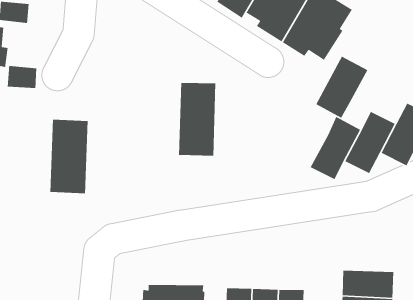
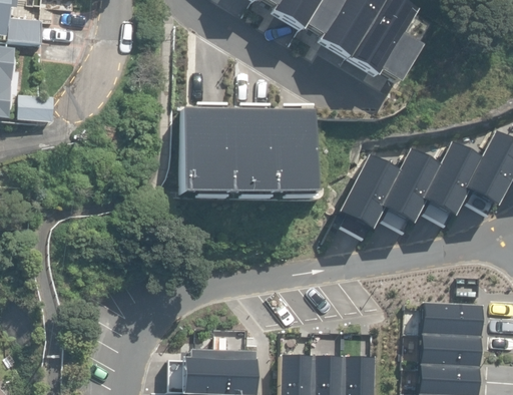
building: [315,55,368,119] -> [338,155,401,231]
building: none -> [267,111,312,201]
building: [50,119,88,194] -> [180,108,226,198]
building: none -> [419,302,481,335]

